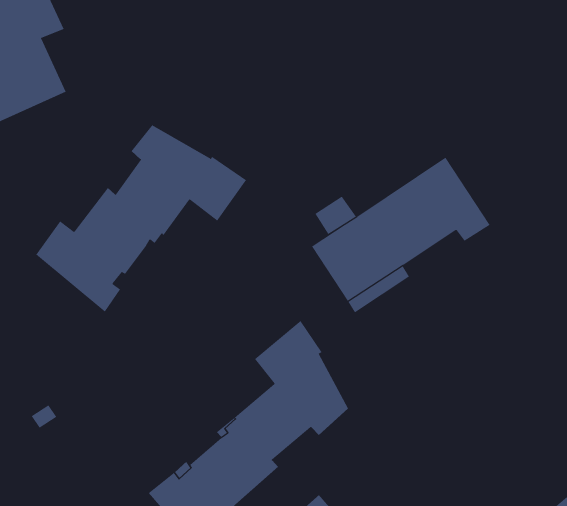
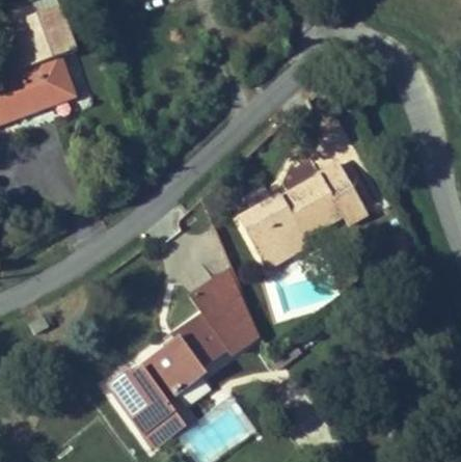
building: [35,125,247,313] -> none

